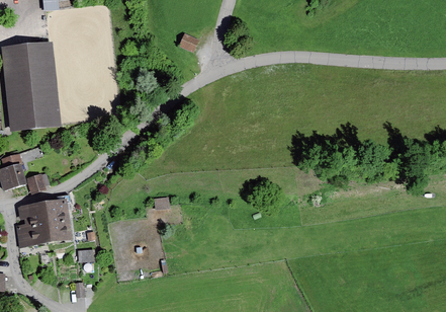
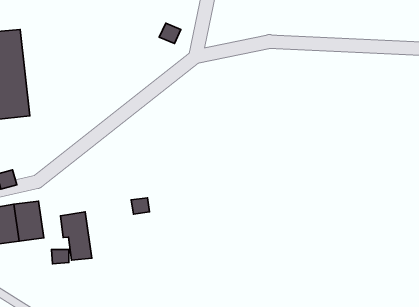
building: none -> [61,212,92,260]

